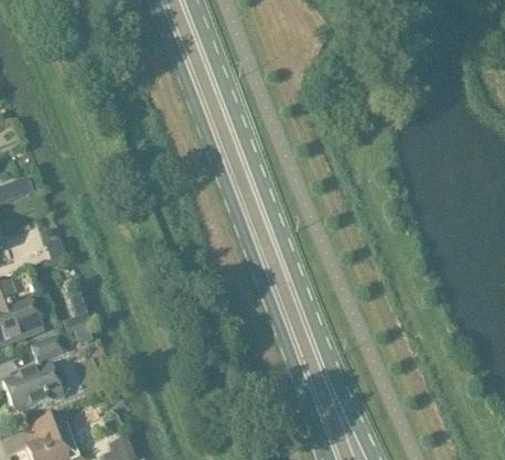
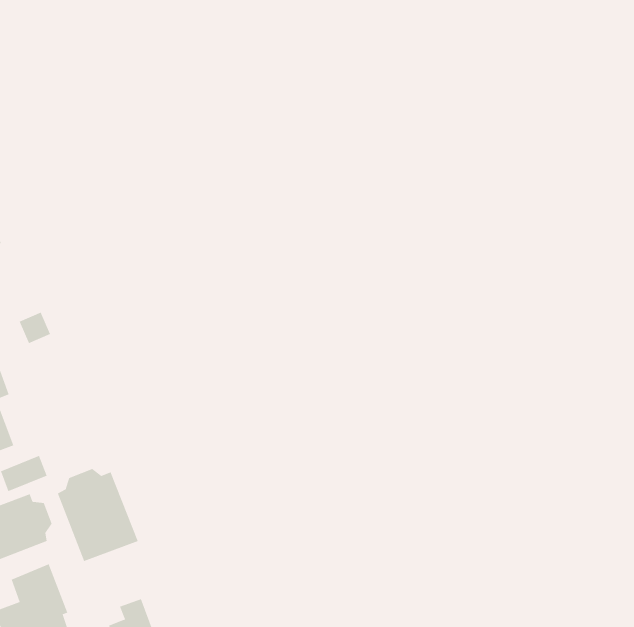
building: none -> [57,468,138,562]

